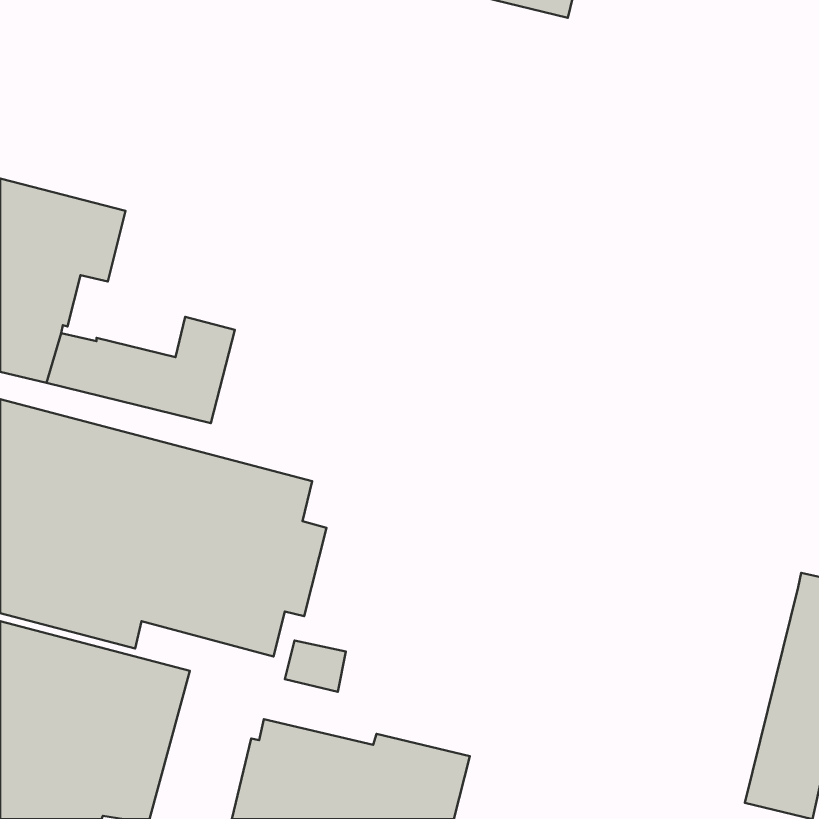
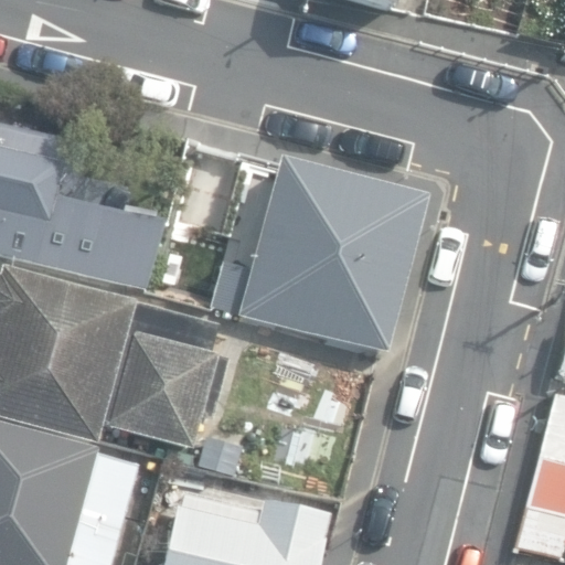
building: none -> [213,161,427,354]

